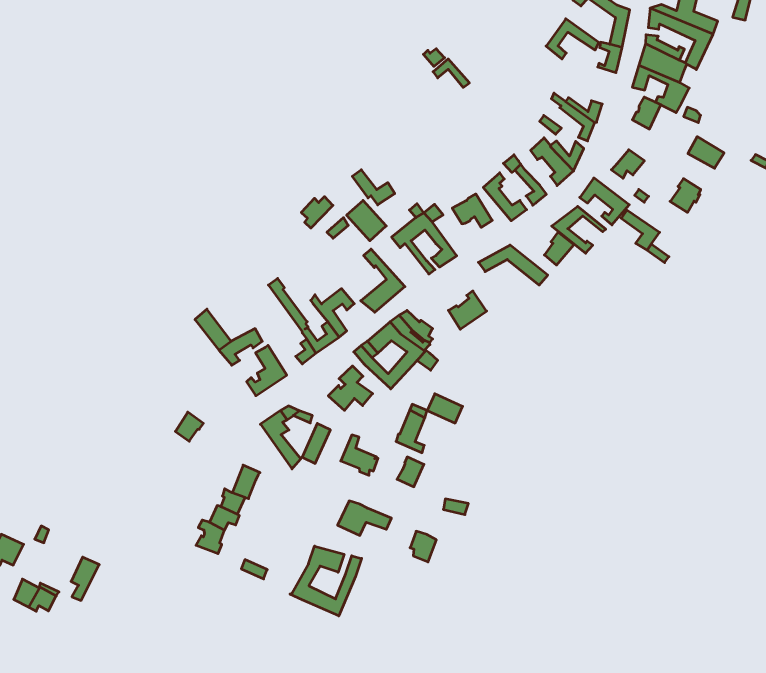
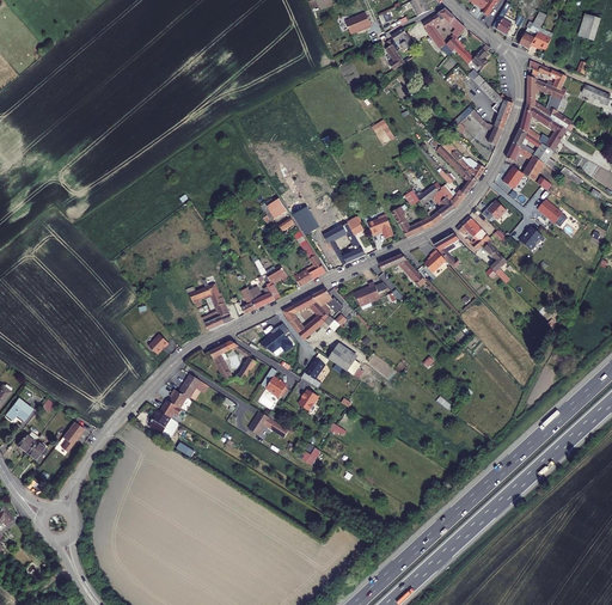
building: [290,546,362,616] -> none

